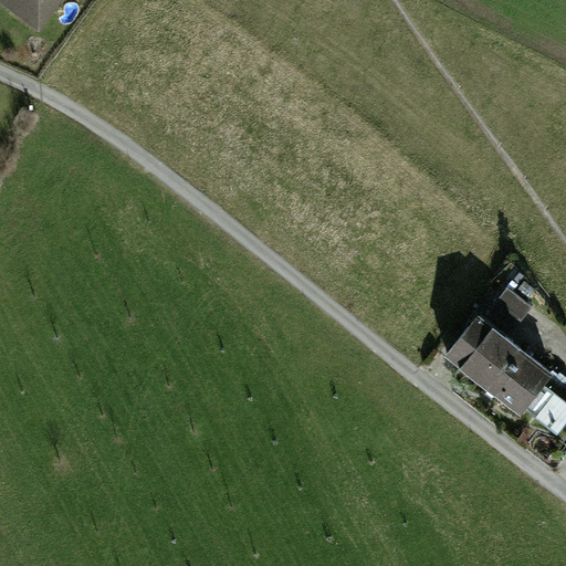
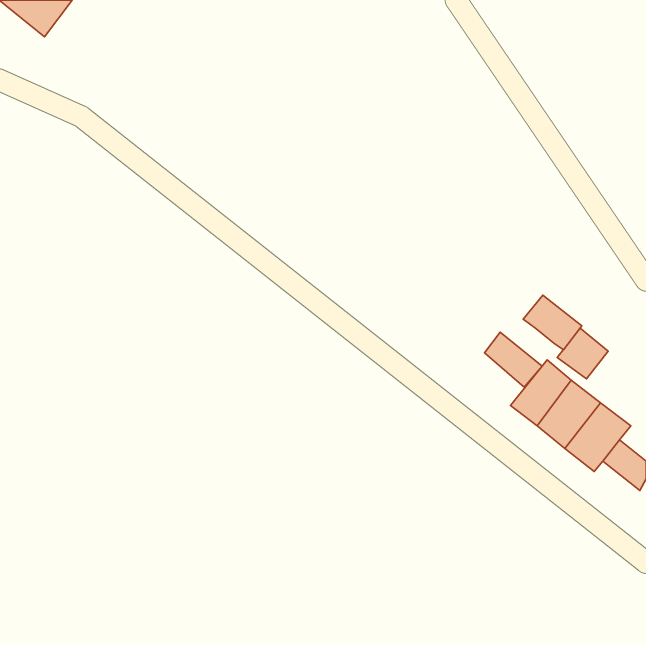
building: none -> [523,295,582,350]
building: none -> [484,332,542,387]

